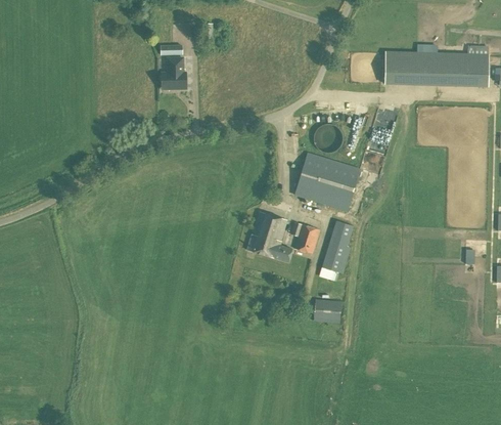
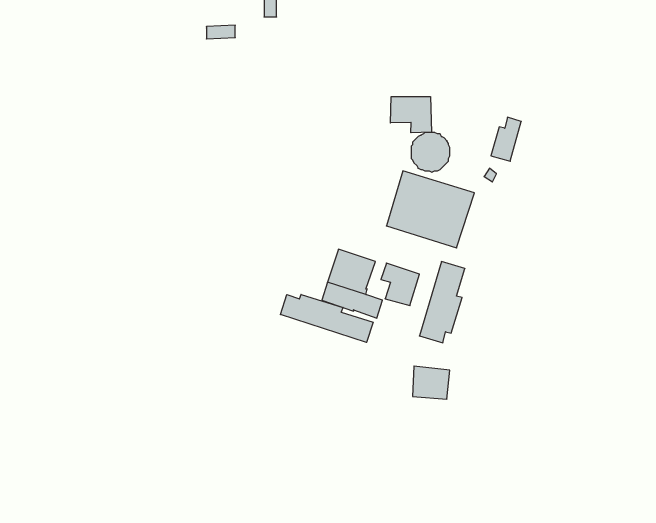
building: [383,47,489,82] -> none
building: [161,59,185,90] -> none
building: none -> [390,97,432,133]
building: none -> [280,294,373,342]

